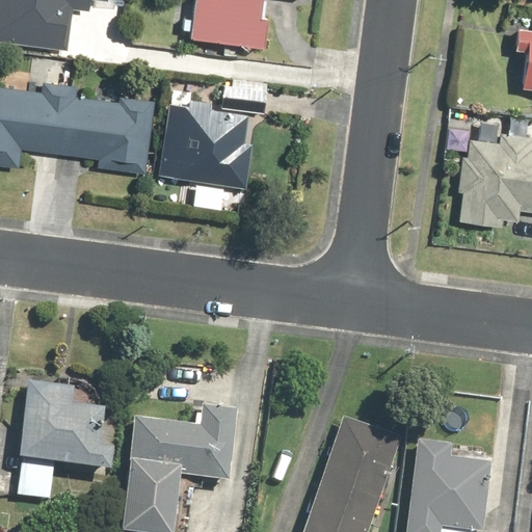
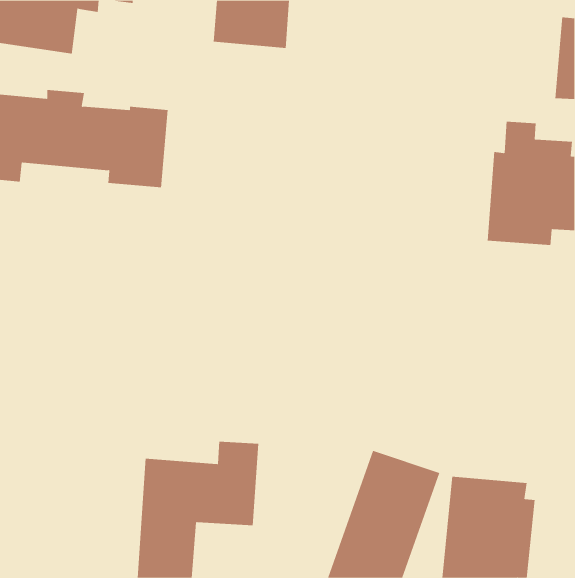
building: [159,98,259,188] -> none
building: [16,382,115,500] -> none

